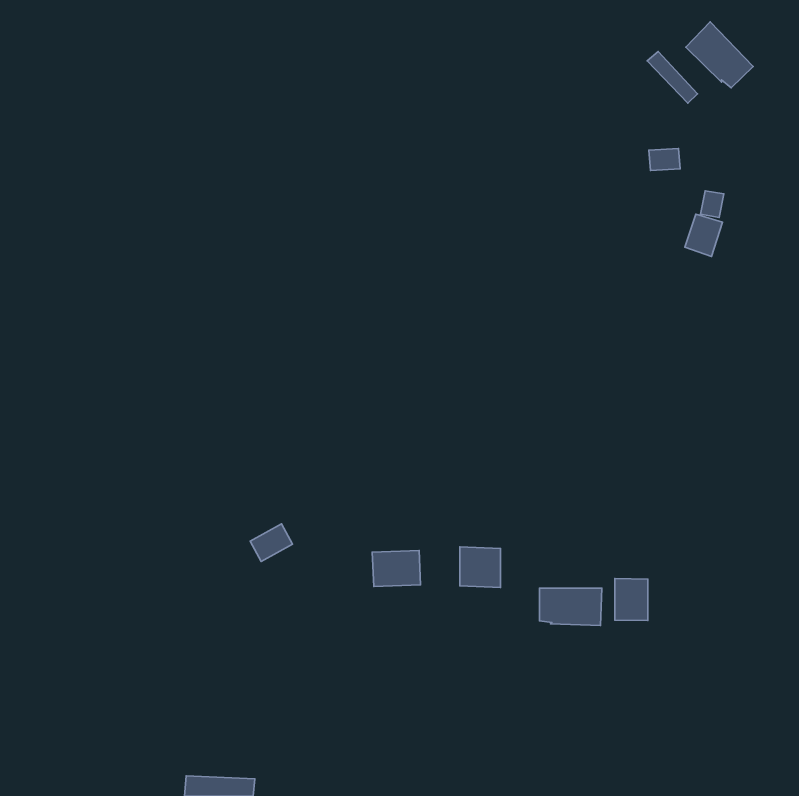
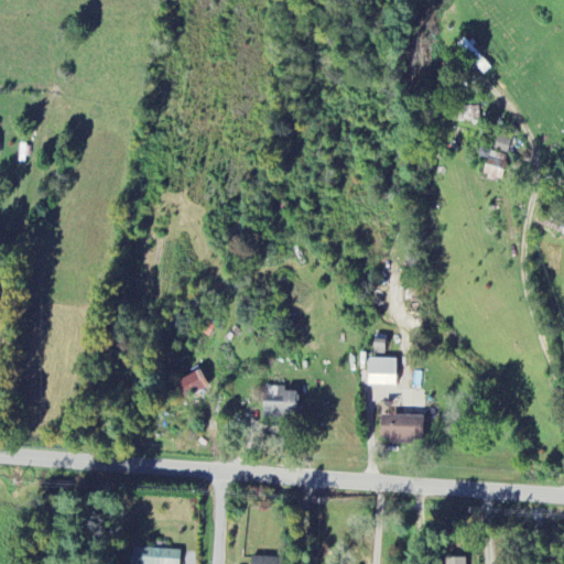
building: [686,22,753,88] -> none
building: [460,547,500,588] -> [368,357,397,386]
building: [615,579,648,621] -> none

